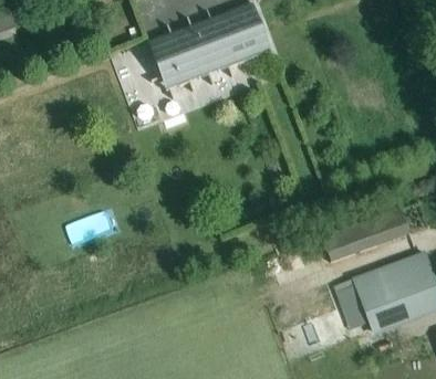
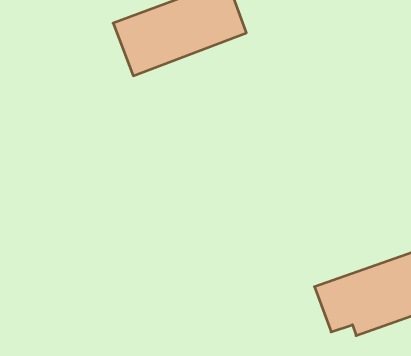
building: [322,207,409,260] -> none

